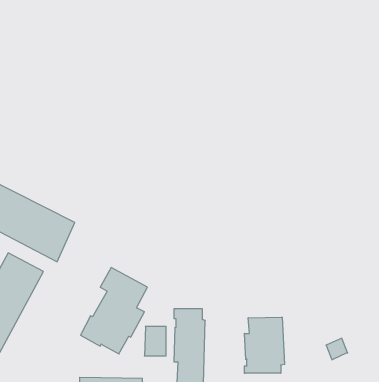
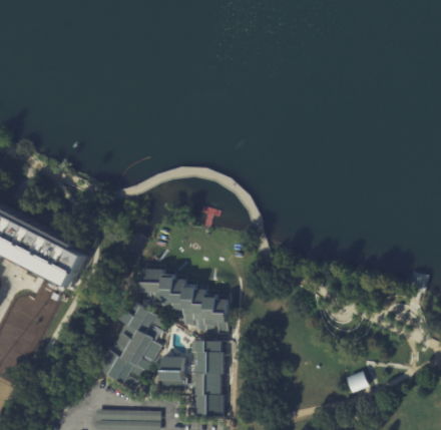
building: none -> [138,269,229,325]
building: [244,317,285,373] -> none

